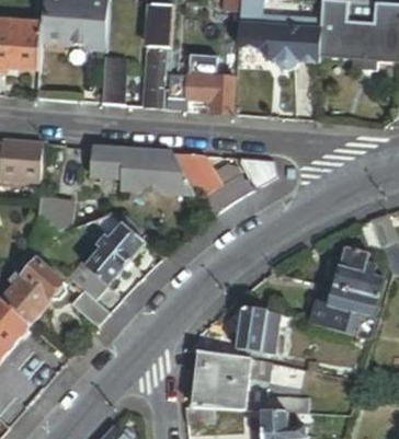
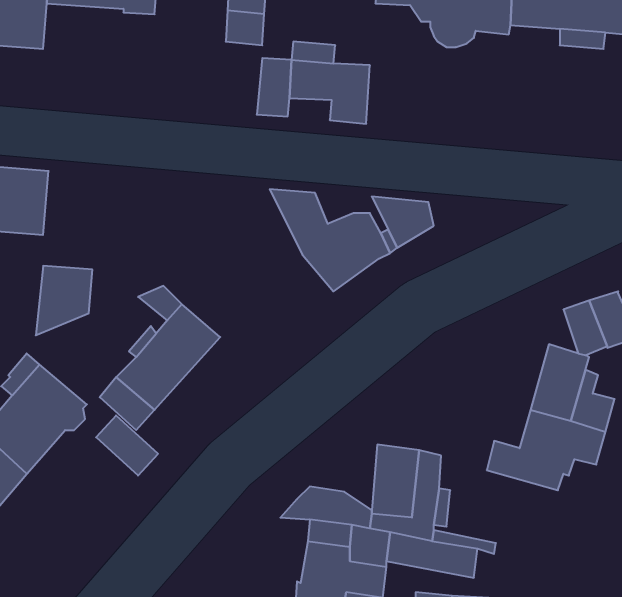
building: [102,55,130,105] -> none
building: [145,65,170,108] -> none
building: [90,147,194,193] -> none

